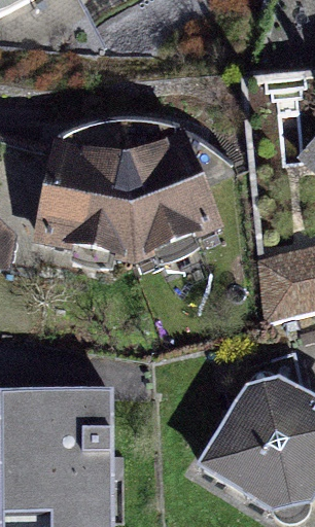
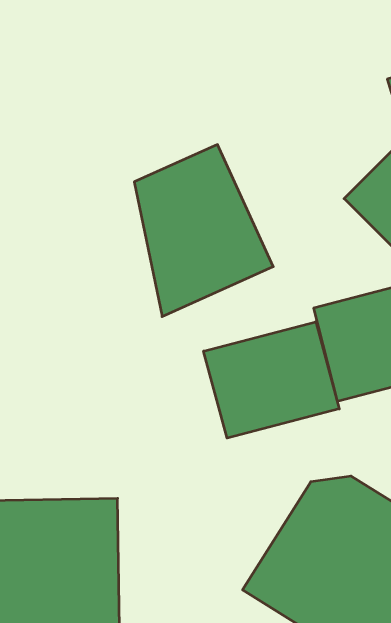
building: [37,144,143,256] -> none
building: none -> [204,322,339,438]

